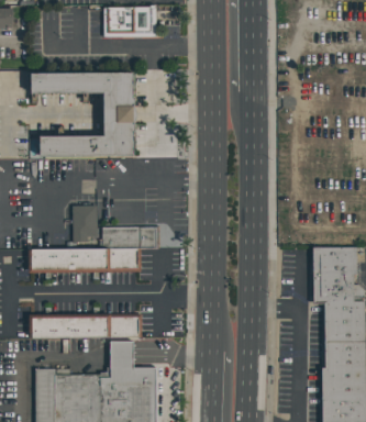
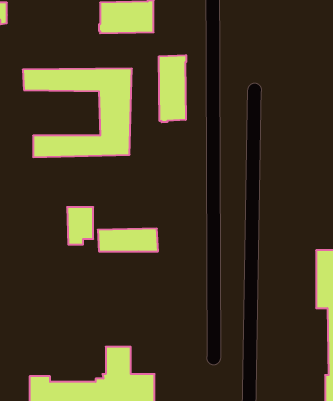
building: none -> [159,55,186,122]
building: [29,248,142,273] -> none
building: [29,314,142,338] -> none

